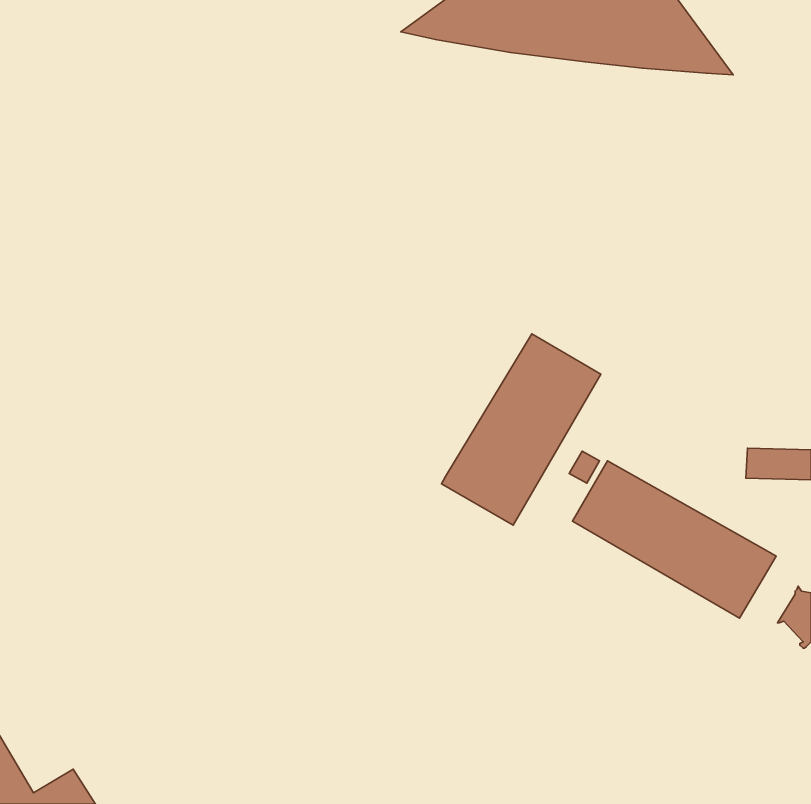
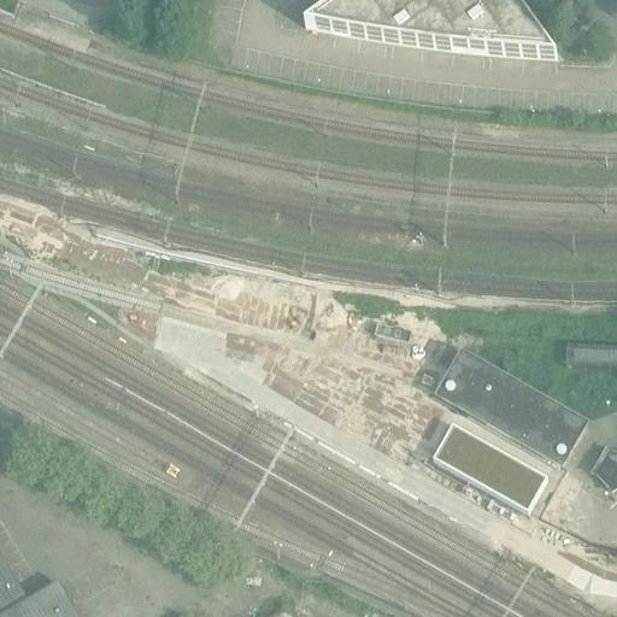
building: [442,334,601,525] -> none
building: none -> [434,425,545,510]

